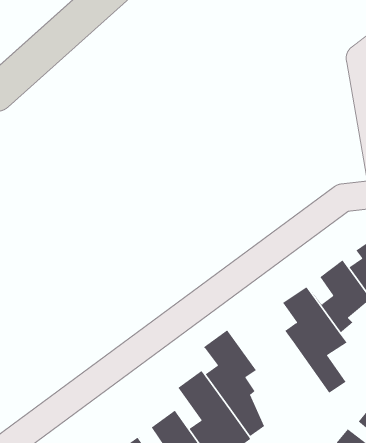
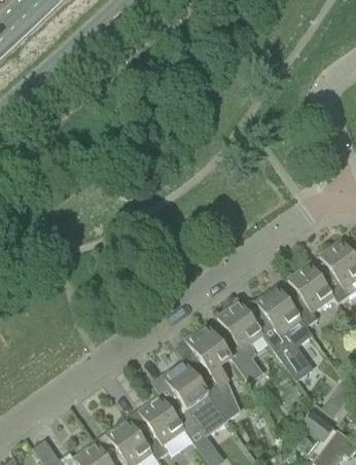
building: none -> [207,299,264,381]

